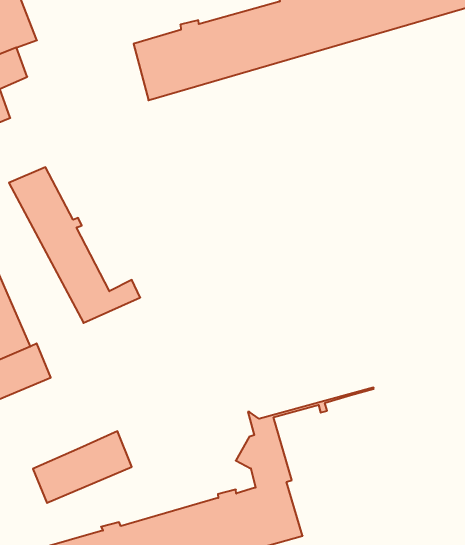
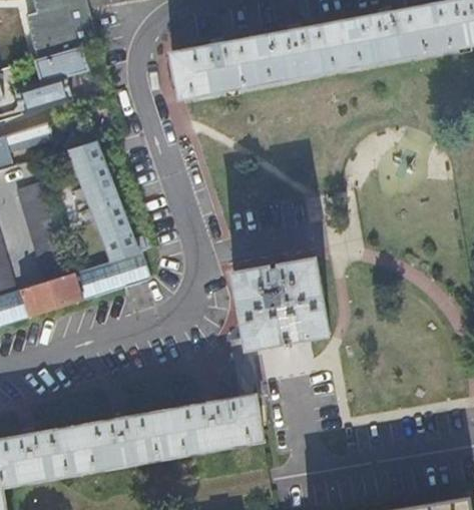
building: none -> [231,259,328,348]
building: [33,431,132,503] -> [75,251,150,301]

